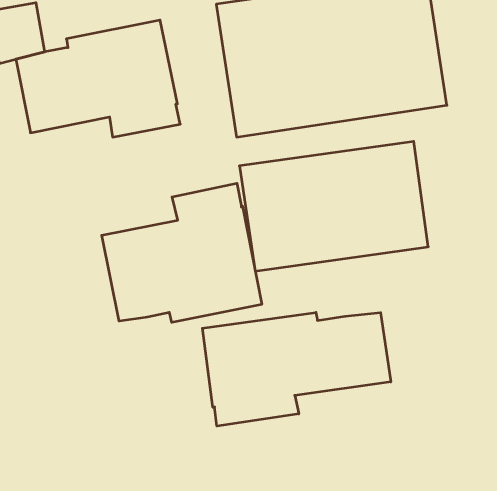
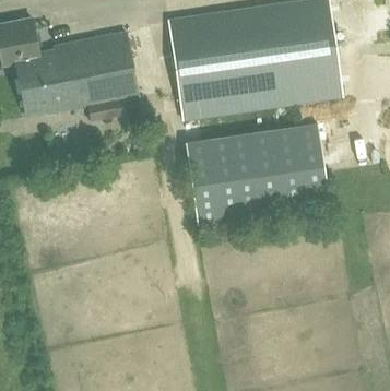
building: [102,183,262,322] -> none
building: [202,312,391,426] -> none

